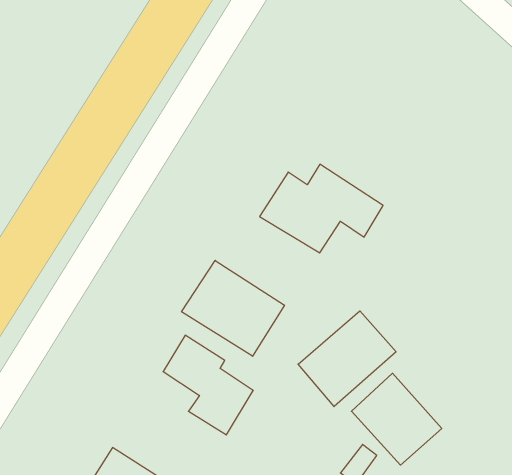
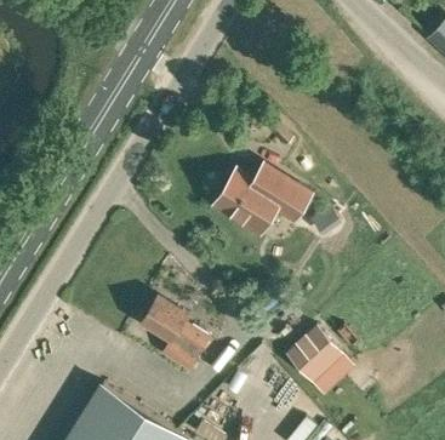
building: [182,260,284,356] -> none
building: [298,311,396,407] -> none

